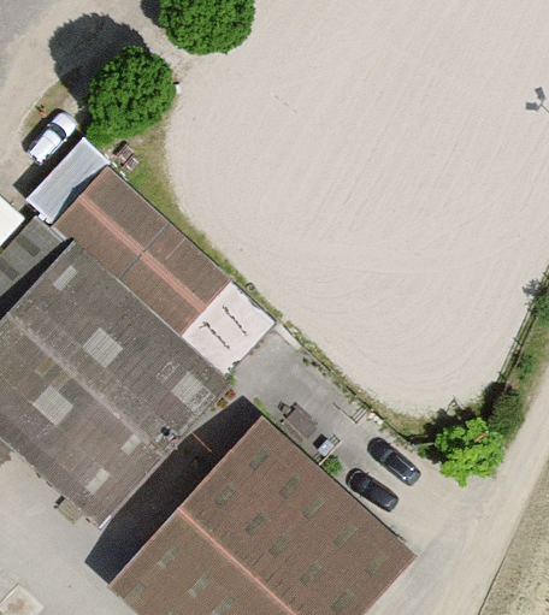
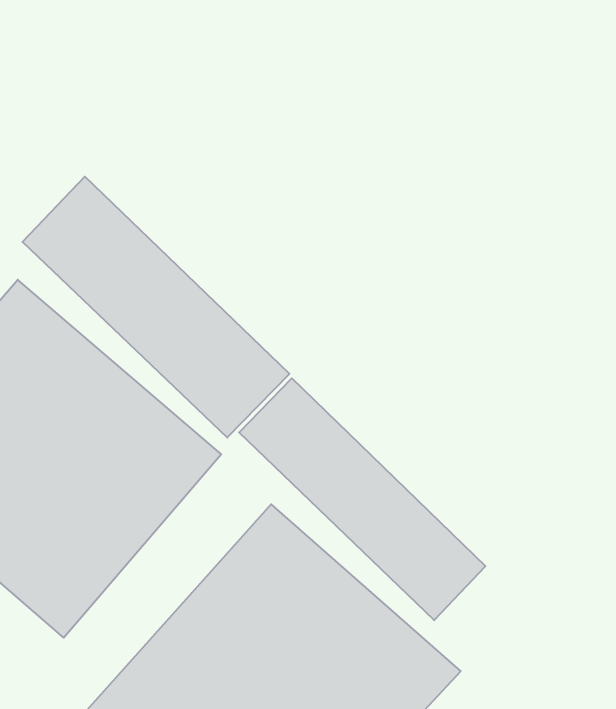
building: none -> [239,378,485,620]

